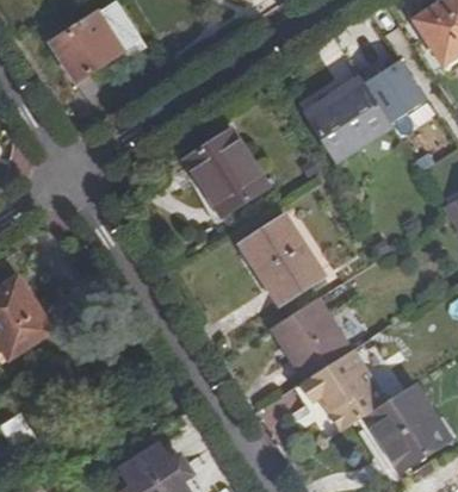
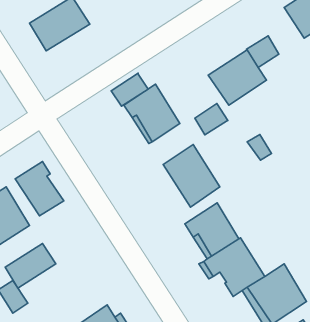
building: none -> [111,73,148,106]
building: none -> [195,104,228,135]
building: none -> [15,162,64,216]
building: none -> [5,243,56,288]

